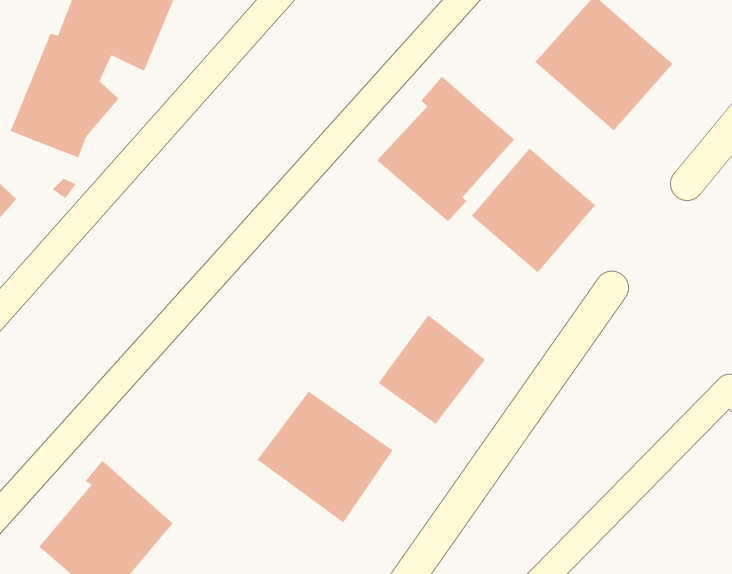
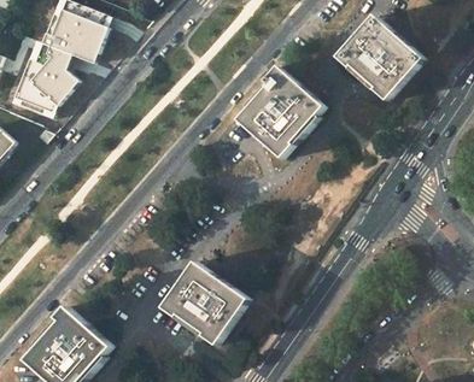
building: [471,148,596,274] -> none
building: [378,314,486,425] -> none

